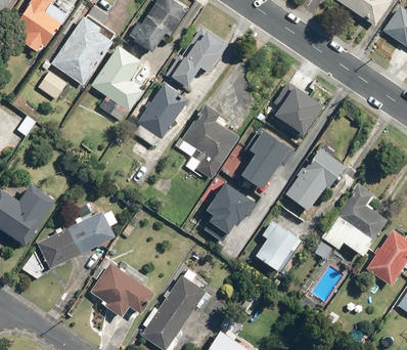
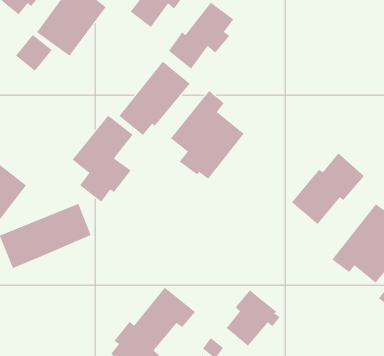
building: [91,45,143,121] -> [72,115,133,203]
building: [280,83,328,131] -> none
building: [238,128,292,190] -> none
building: [205,179,256,234] -> none
building: [256,220,302,269] -> [226,289,281,347]
building: [90,262,154,317] -> none

